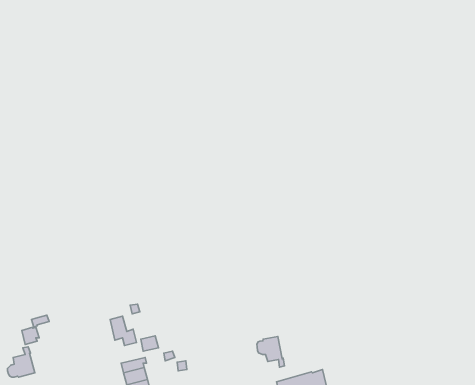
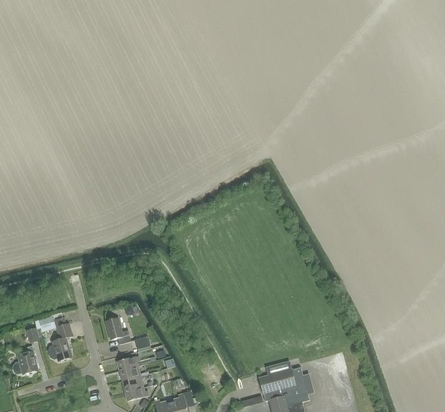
building: none -> [48,317,72,360]
building: [257,336,284,367] -> none

